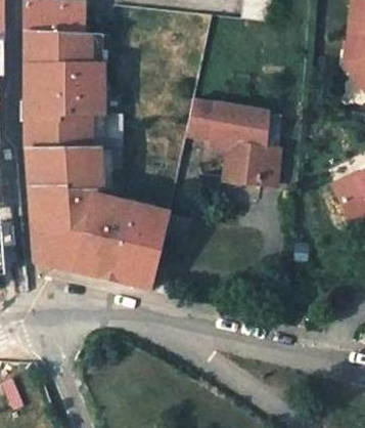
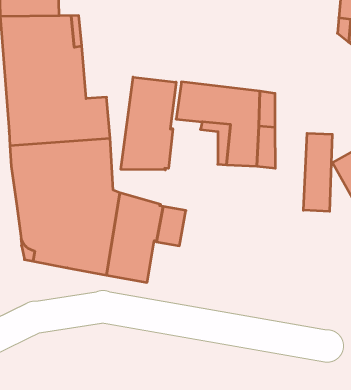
building: none -> [121,77,176,170]
building: none -> [303,133,332,211]

